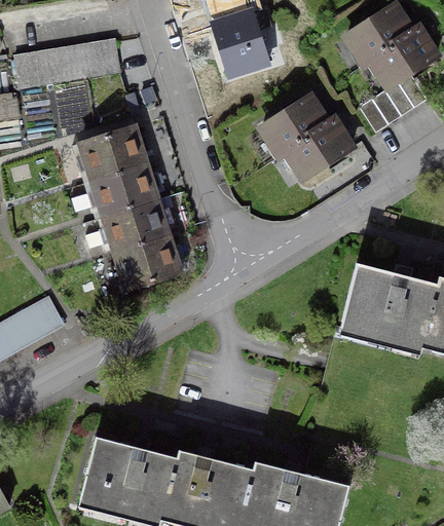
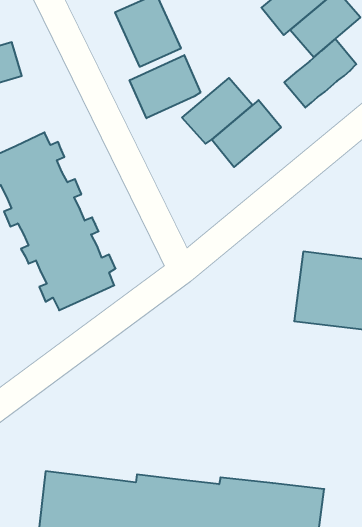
building: none -> [130,55,200,118]

